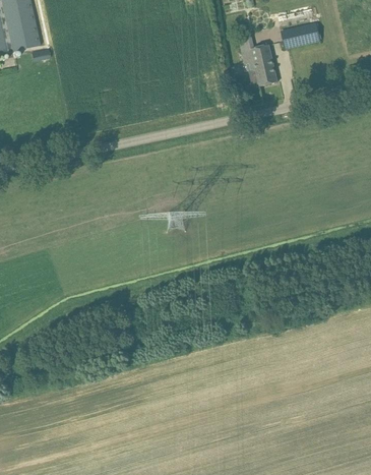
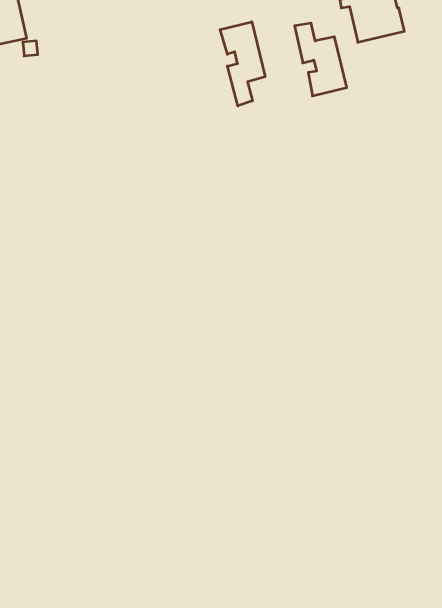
building: none -> [220,22,265,106]

